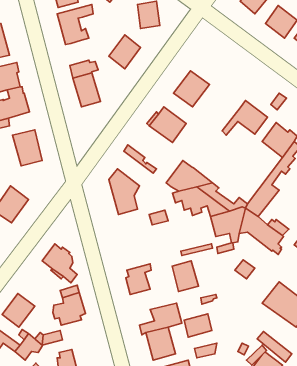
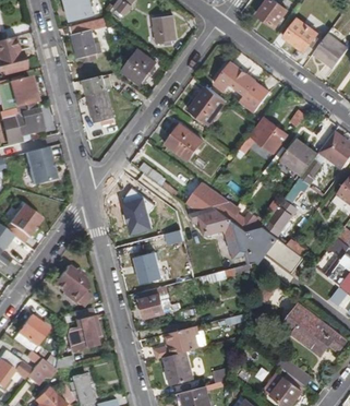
building: none -> [214,62,268,110]
building: [172,261,199,292] -> [134,252,161,284]
building: [184,314,212,337] -> none

